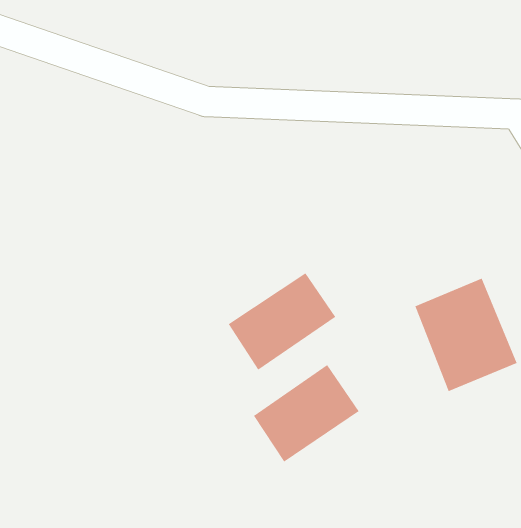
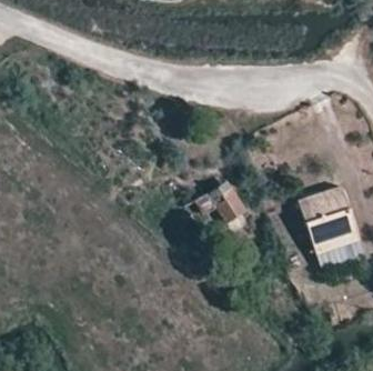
building: [253,364,360,462] -> none

